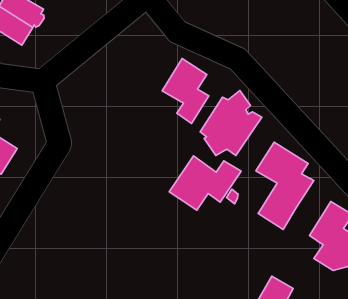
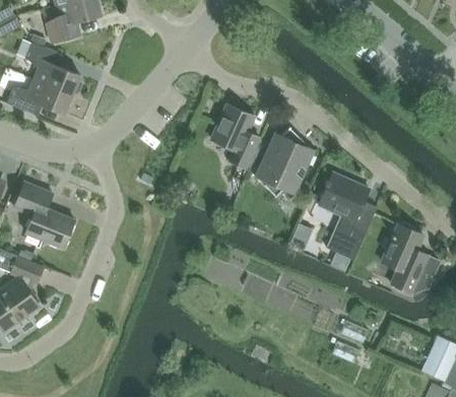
building: [169,156,241,210] -> none

